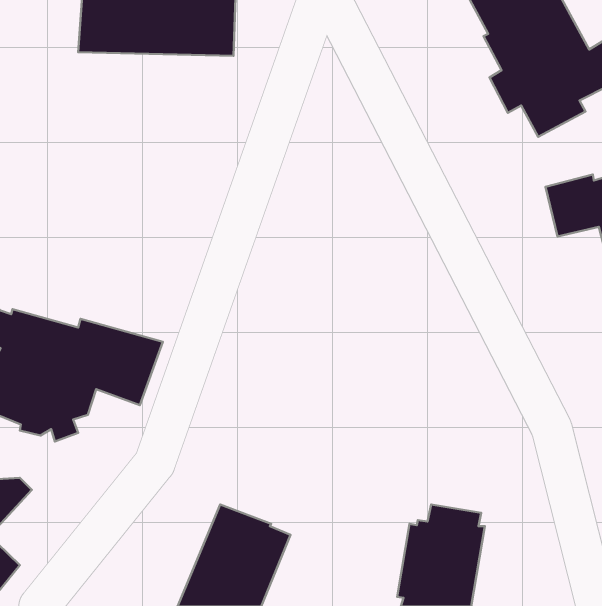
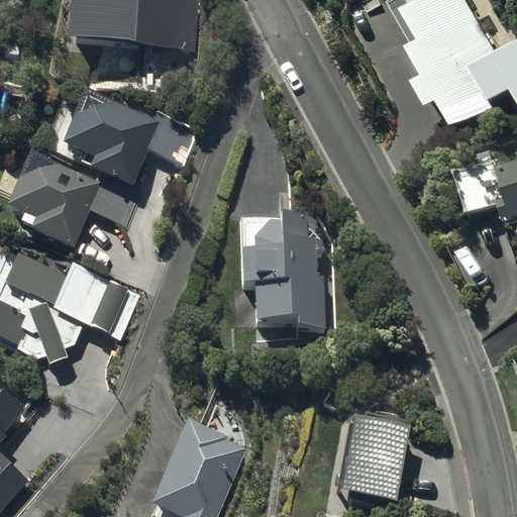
building: none -> [10,92,196,249]
building: none -> [239,211,325,337]

